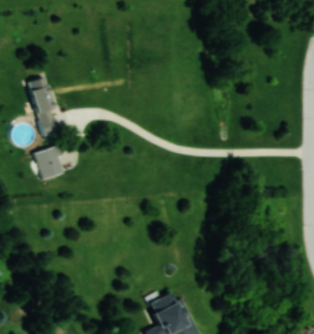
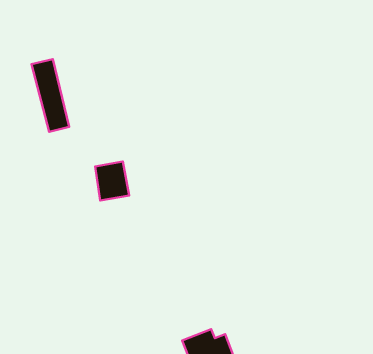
building: [36,147,63,179] -> [95,162,129,200]

